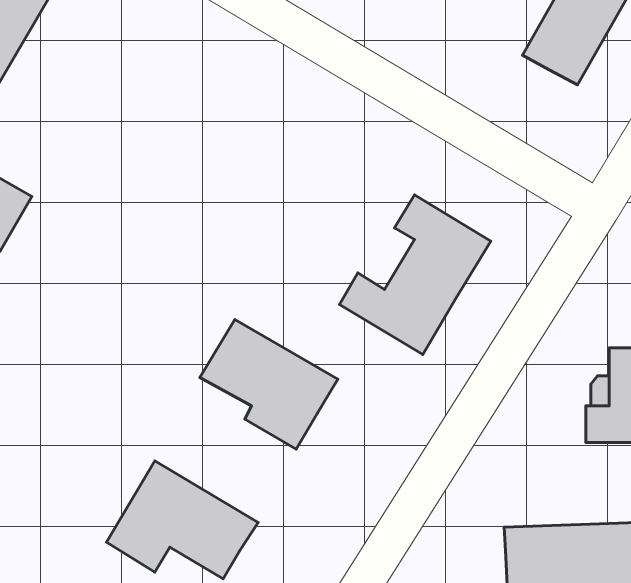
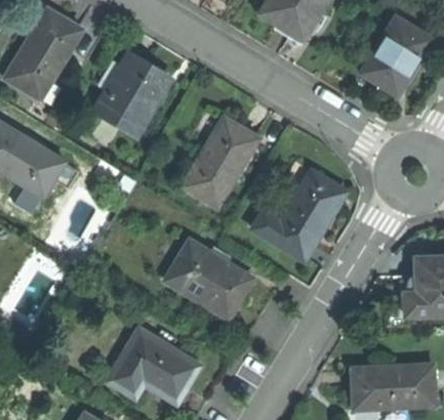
building: none -> [94,56,168,134]
building: none -> [184,118,261,207]

